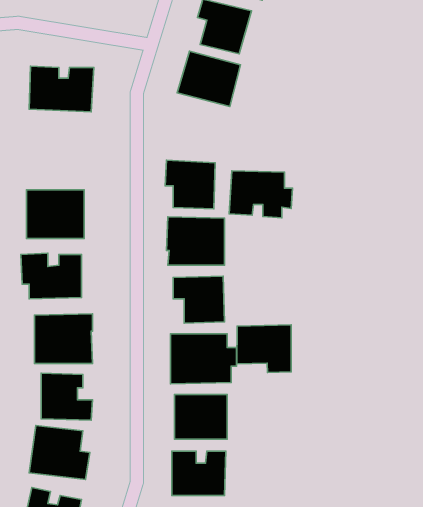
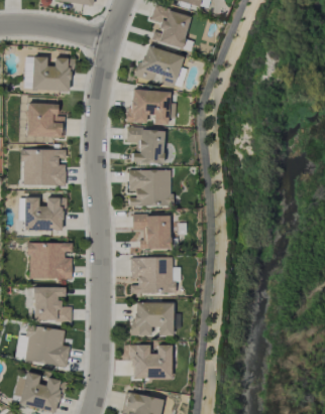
building: none -> [26,103,64,137]
building: [229,171,293,218] -> [128,90,176,125]
building: [237,325,291,373] -> none

